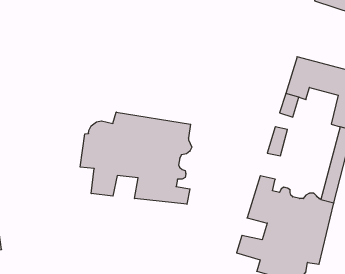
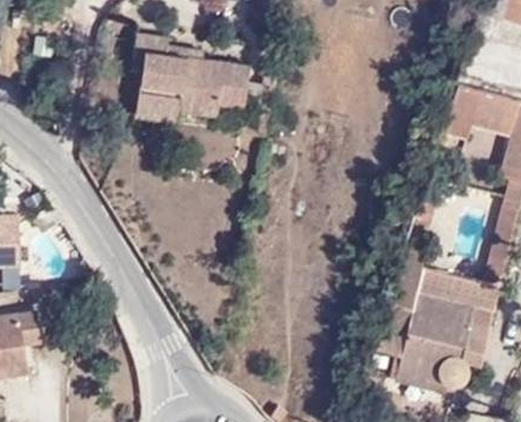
building: none -> [144,15,264,109]
building: [80,112,192,204] -> none

